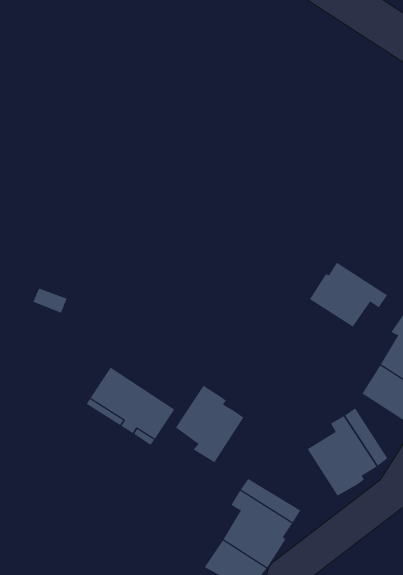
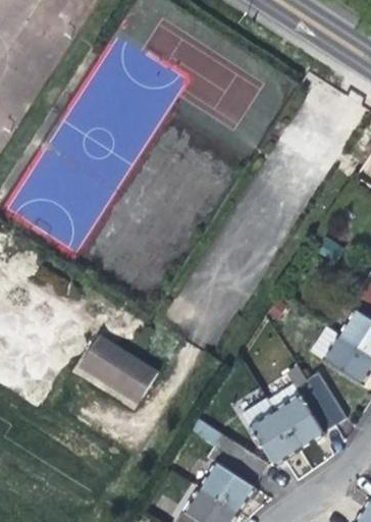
building: [309,262,388,327] -> none
building: [175,385,244,463] -> none
building: none -> [249,408,301,466]

